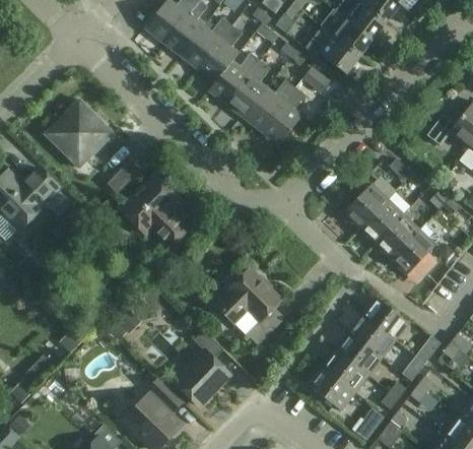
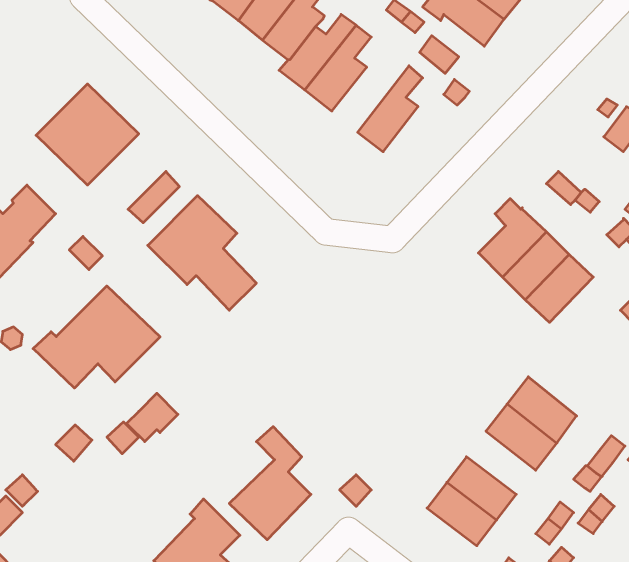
building: [244,79,295,132] -> none
building: [390,222,438,275] -> none
building: none -> [33,286,160,388]
building: [216,268,285,345] -> none
building: [334,333,381,376] -> none

